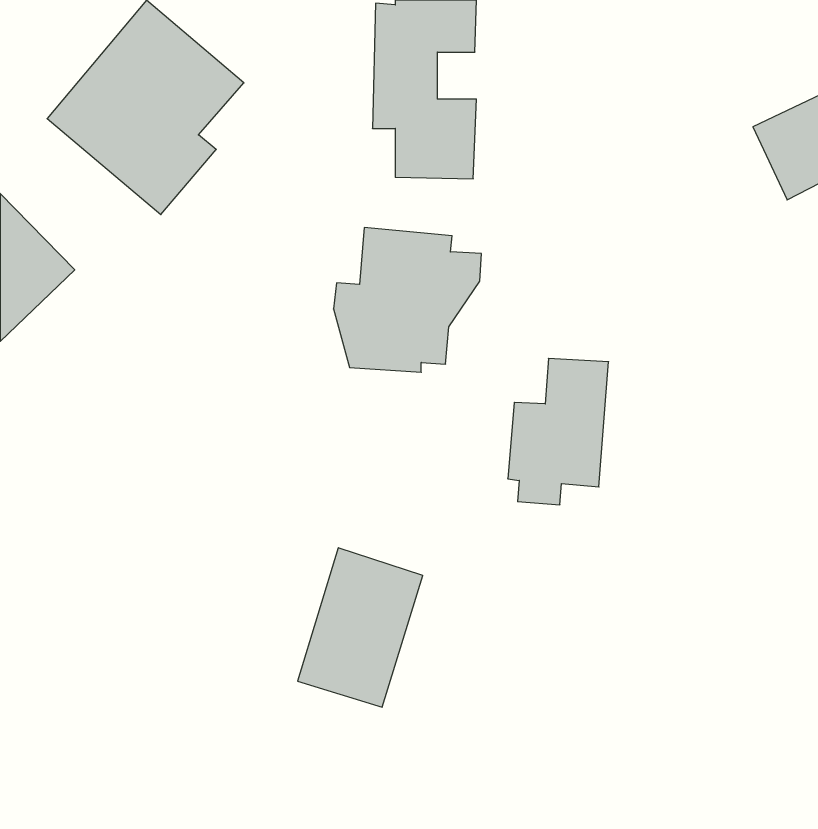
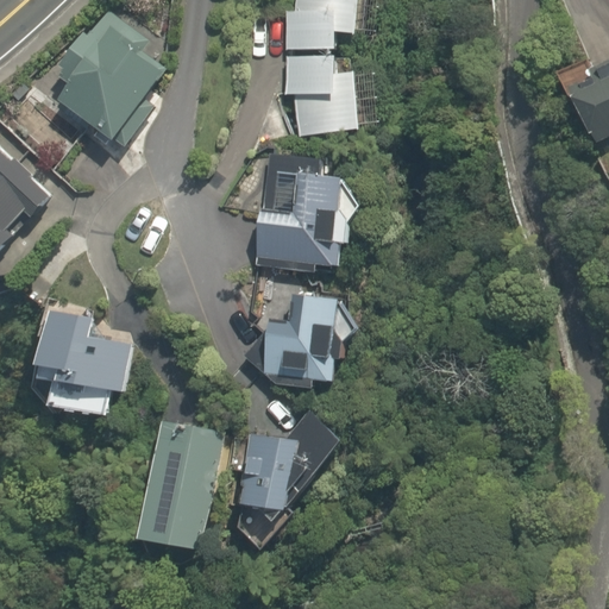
building: [508,358,609,505] -> [260,291,334,398]
building: none -> [31,304,134,415]
building: none -> [134,416,231,558]

